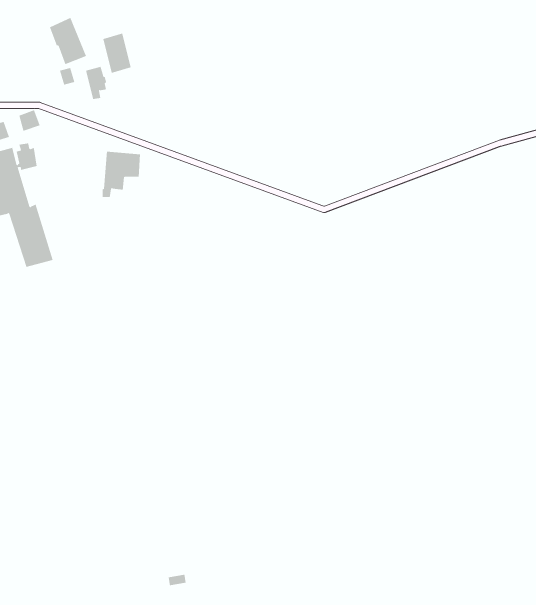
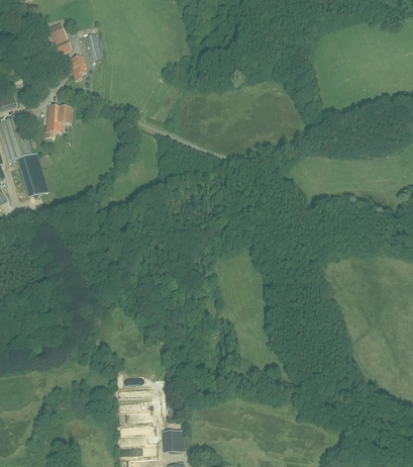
building: [102,151,141,197] -> [44,104,72,136]

